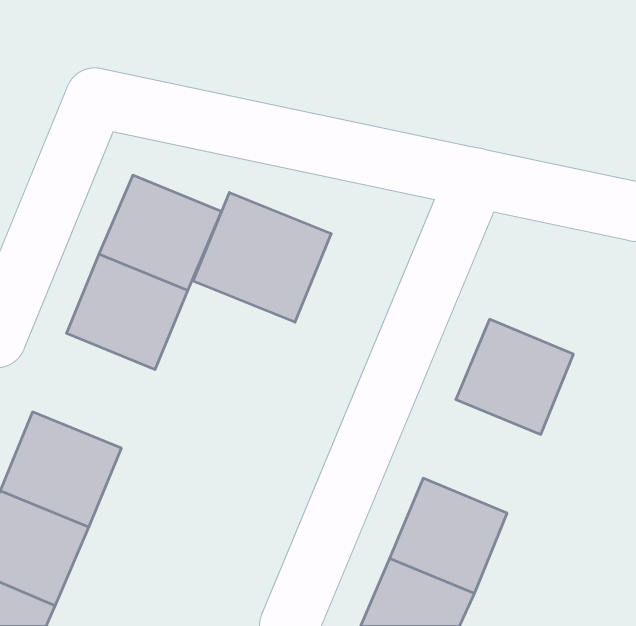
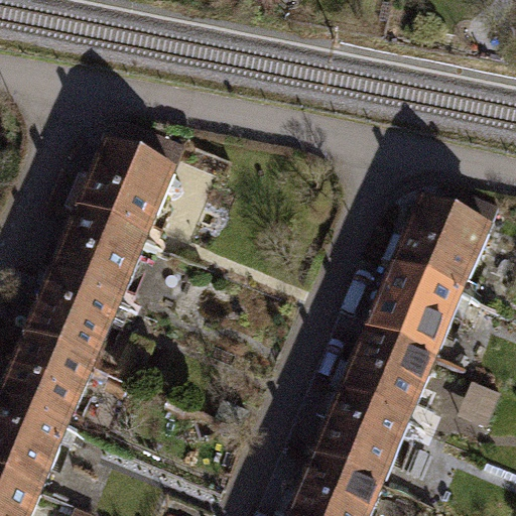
building: [193,192,331,322] -> none
building: none -> [394,194,489,285]
building: none -> [26,268,125,361]
building: none -> [341,321,435,413]

